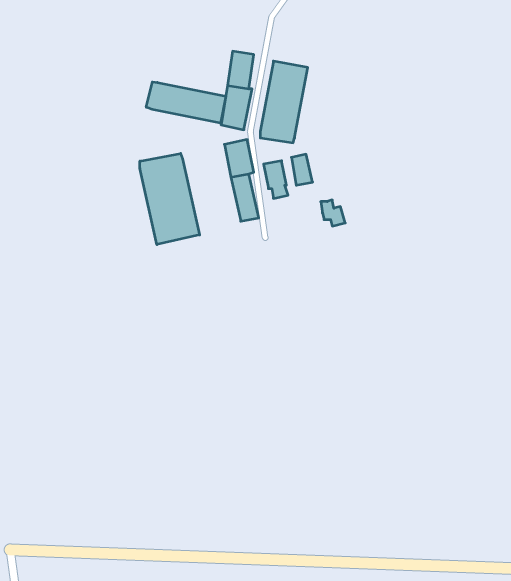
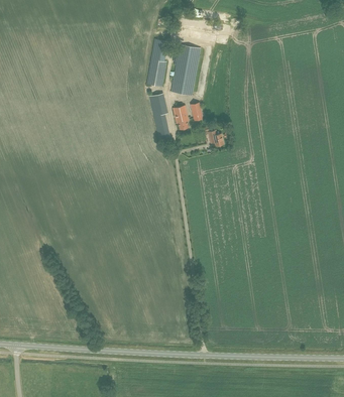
building: [146,82,226,123] -> none
building: [140,153,200,245] -> none

